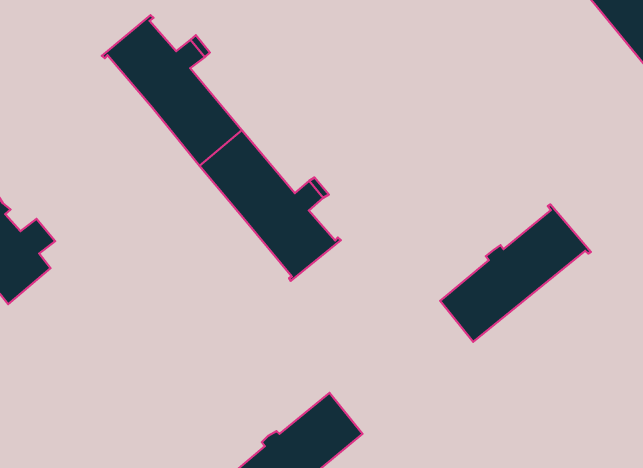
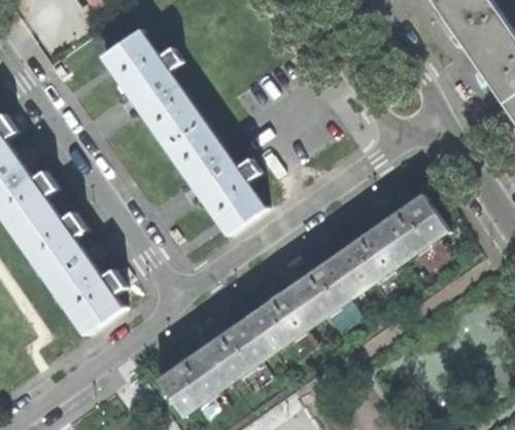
building: none -> [18,210,125,333]
building: none -> [247,257,355,350]

